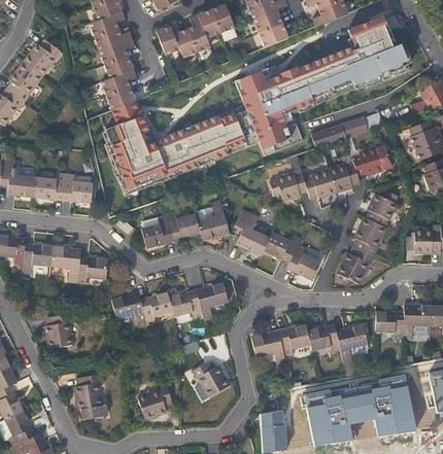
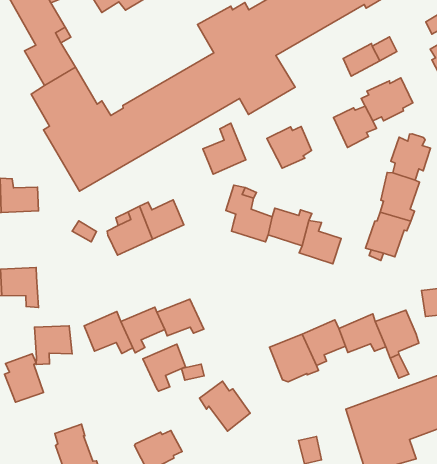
building: [313,123,347,146] -> none
building: [305,167,336,197] -> none
building: [198,203,230,240] -> [203,123,246,174]
building: [78,254,108,284] -> [35,326,72,365]
building: [197,282,229,316] -> [143,344,186,391]

